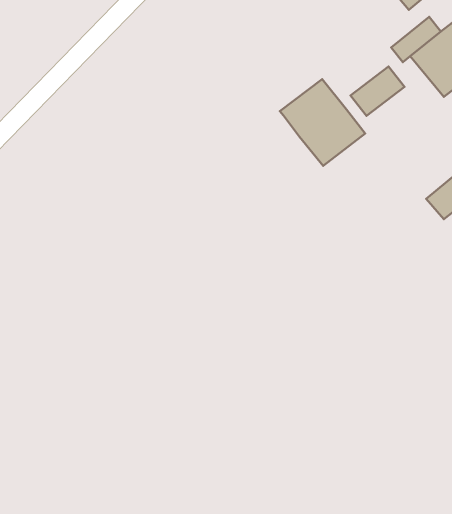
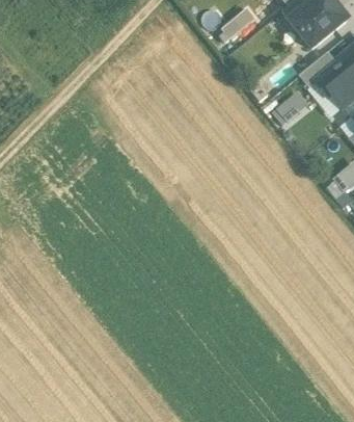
building: [280,79,365,166] -> none

